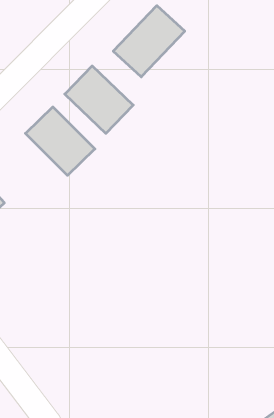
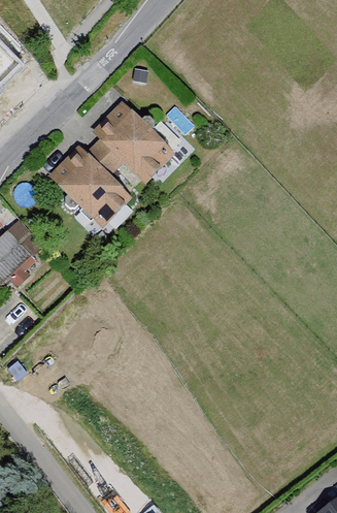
building: [113,6,185,77] -> none

